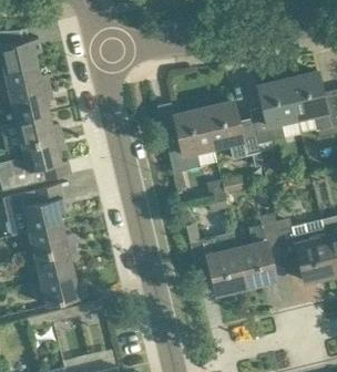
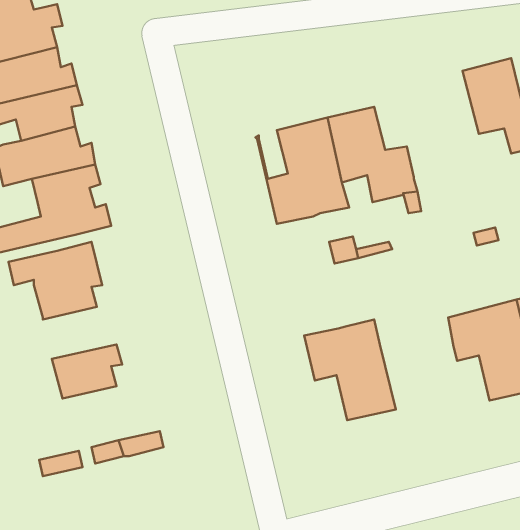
building: [251,79,297,144] -> none
building: [236,221,282,287] -> none
building: [29,224,74,256] -> none
building: [41,272,86,306] -> none

